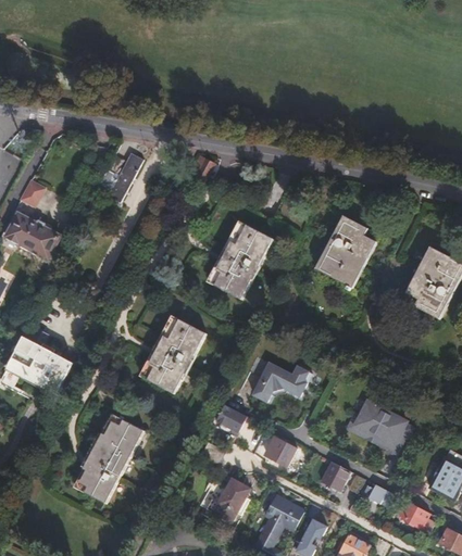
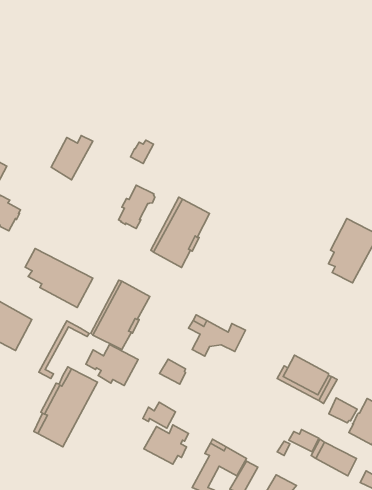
building: none -> [118,185,155,228]
building: [316,215,373,289] -> none
building: none -> [25,248,93,307]
building: none -> [39,321,89,379]
building: none -> [86,345,138,385]
building: [260,435,297,465] -> [143,402,176,428]
building: none -> [329,398,357,423]
building: [323,462,351,492] -> none

